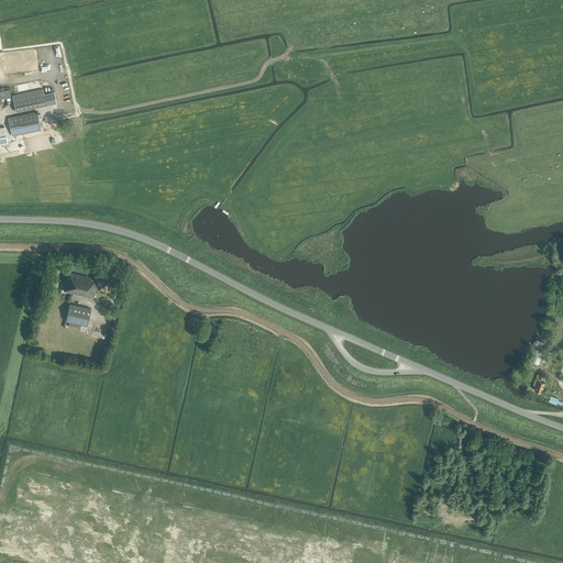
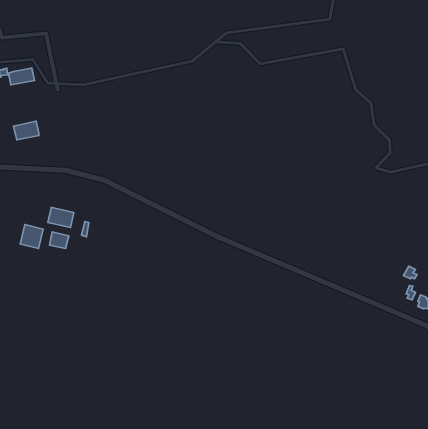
building: [7,111,40,135] -> [13,121,39,140]
building: none -> [20,224,43,248]

